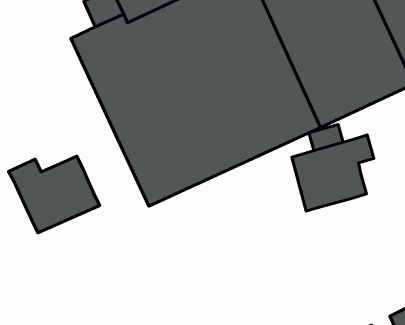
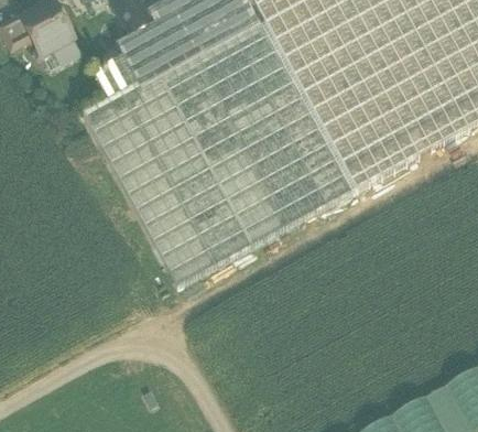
building: [292,135,374,211] -> none
building: [8,156,100,233] -> none

